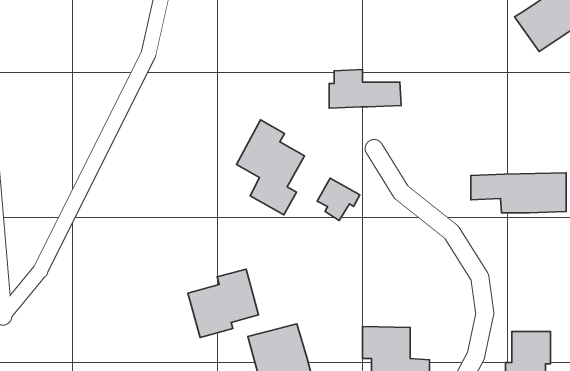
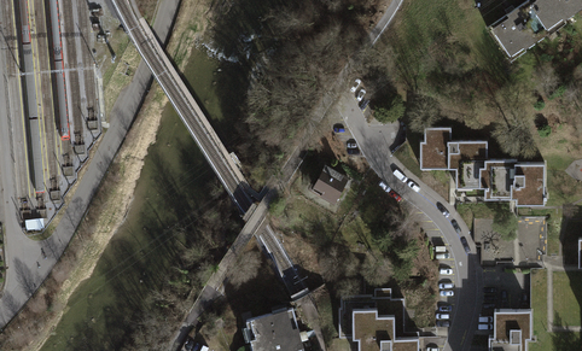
building: [329,69,401,108] -> [419,130,487,166]
building: [236,120,305,215] -> none
building: [188,269,259,337] -> none

